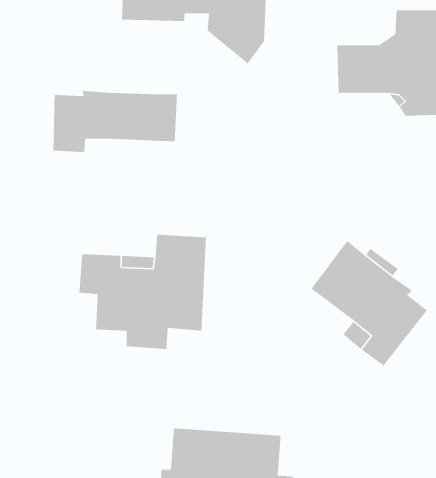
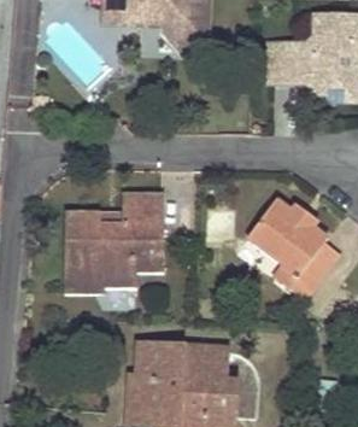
building: [52,90,178,153] -> none
building: none -> [63,239,135,292]

